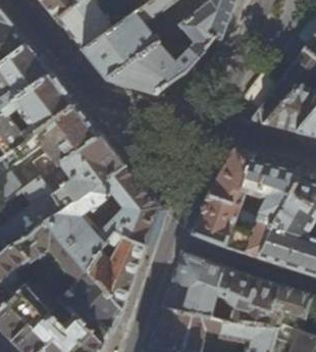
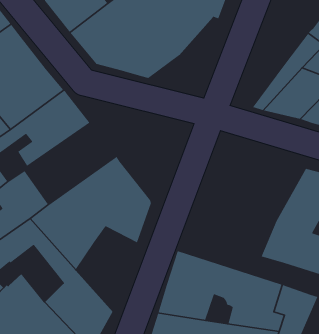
building: [40,135,125,210] -> none
building: [191,146,301,259] -> none
building: [88,232,145,310] -> none

